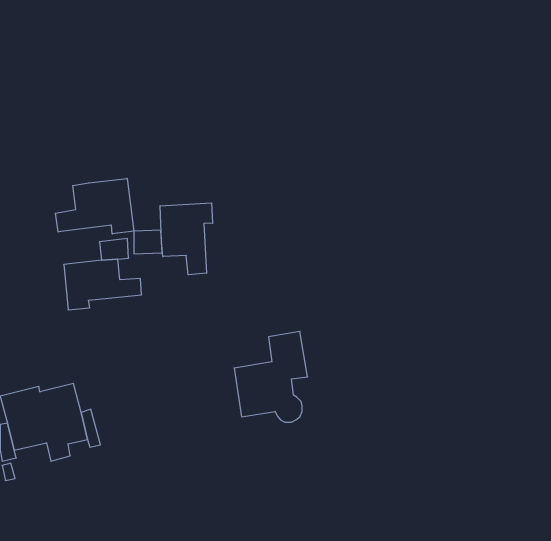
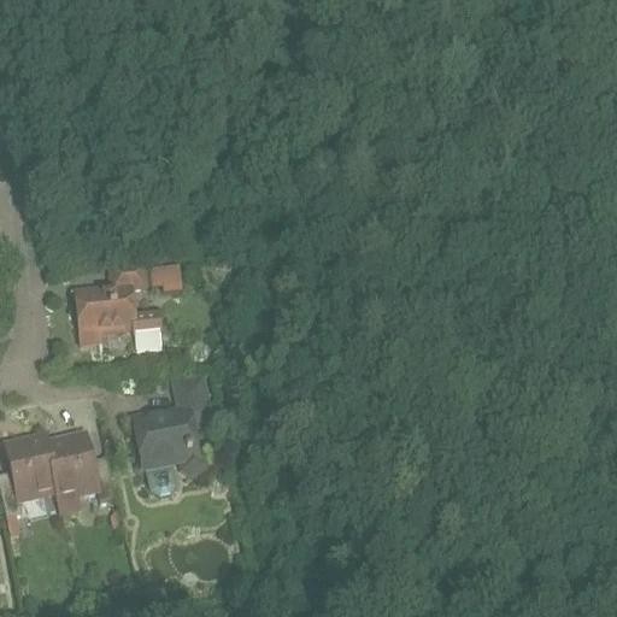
building: [55,178,134,234] -> none
building: [160,203,213,275] -> none
building: [234,331,308,422] -> [131,375,213,476]

